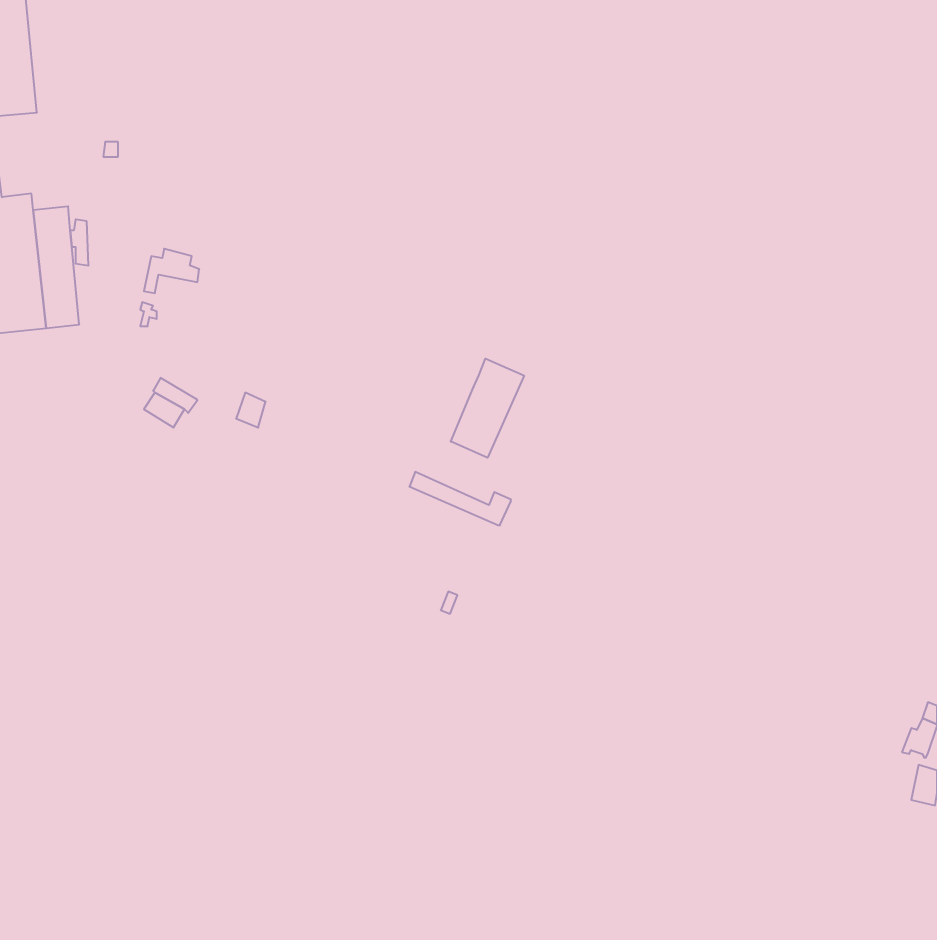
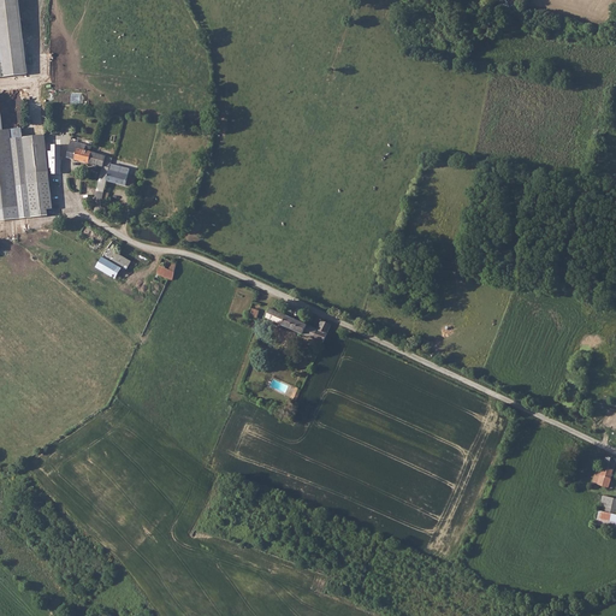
building: none -> [64,142,108,168]
building: [451,359,524,458] -> none

